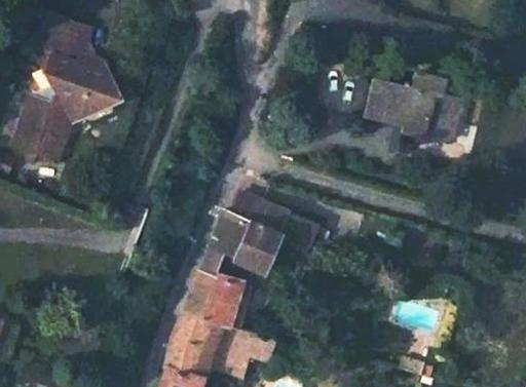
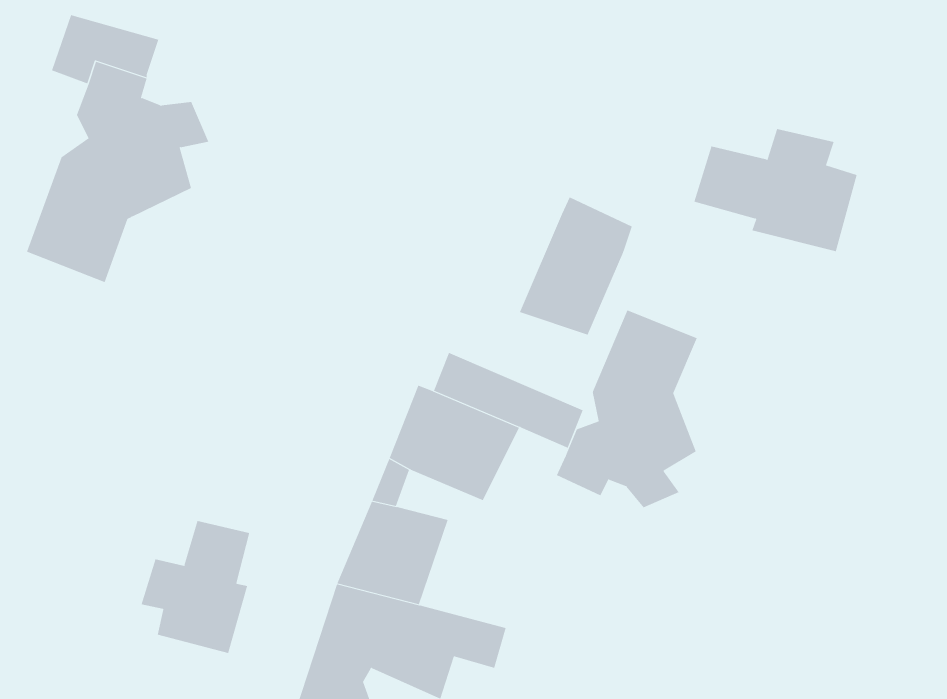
building: none -> [519,197,633,336]
building: none -> [556,310,698,508]
building: none -> [141,520,250,654]

